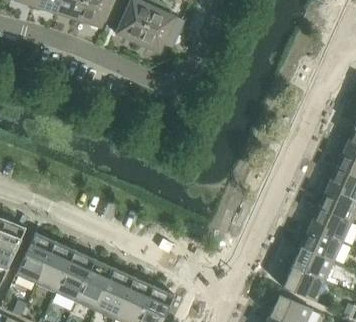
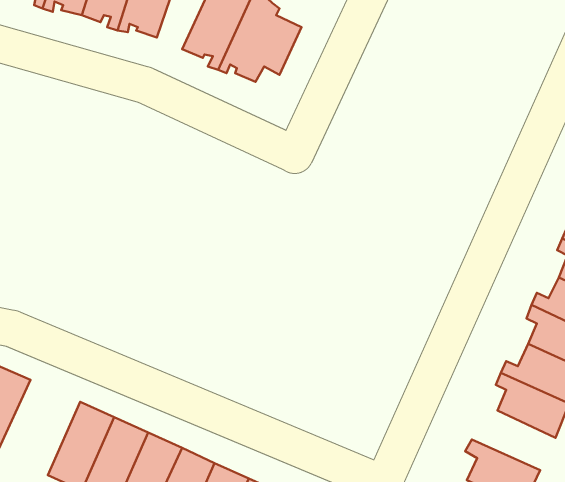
building: [17,232,56,284] -> none
building: [286,246,335,281] -> none

